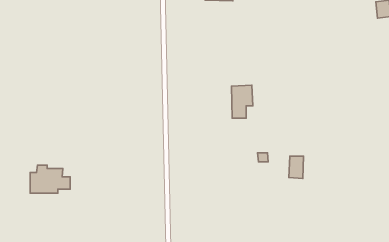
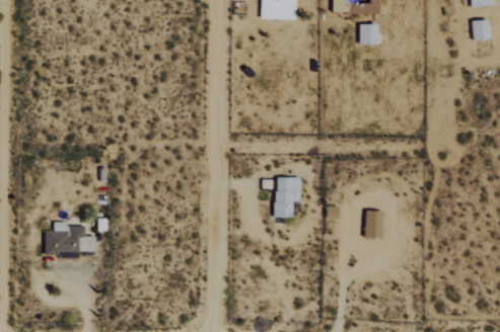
building: none -> [359,23,378,45]
building: [231,85,253,118] -> [274,176,300,217]

